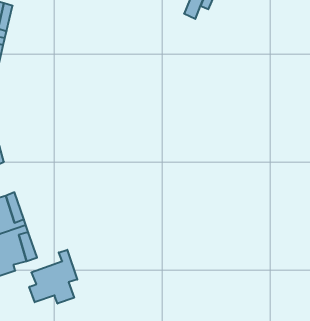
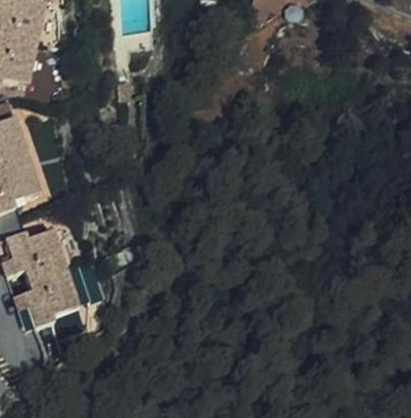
building: [29,250,77,304] -> none

